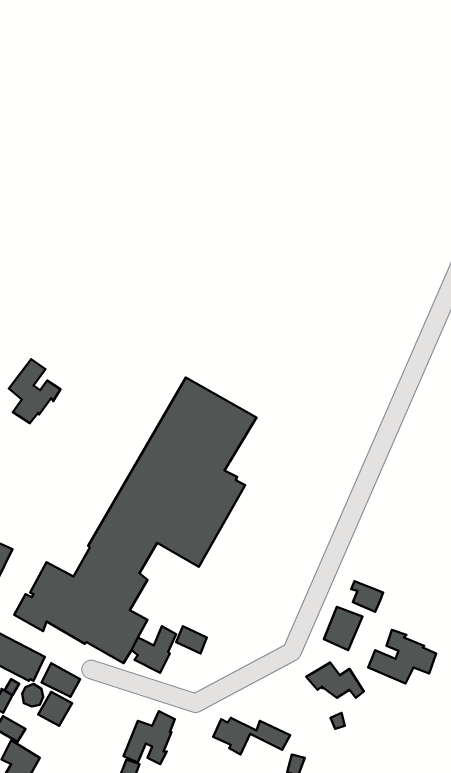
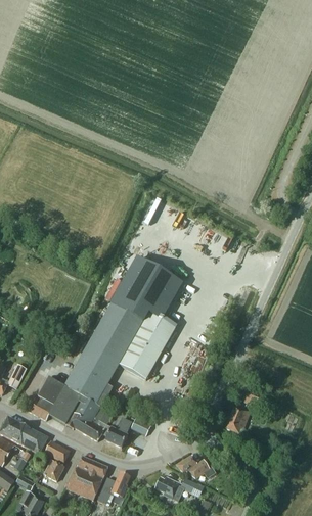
building: [9,359,61,423] -> none
building: [368,630,436,683] -> none
building: [306,662,364,698] -> [176,455,213,477]
building: none -> [66,455,107,500]

